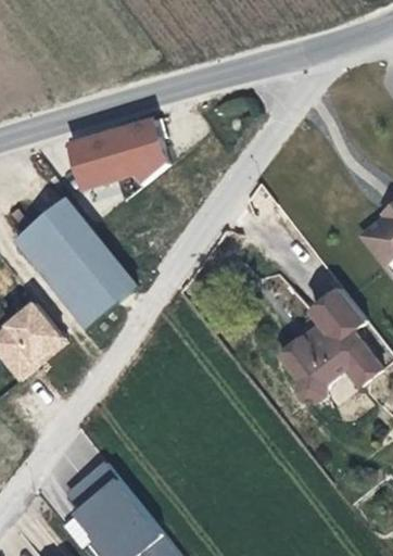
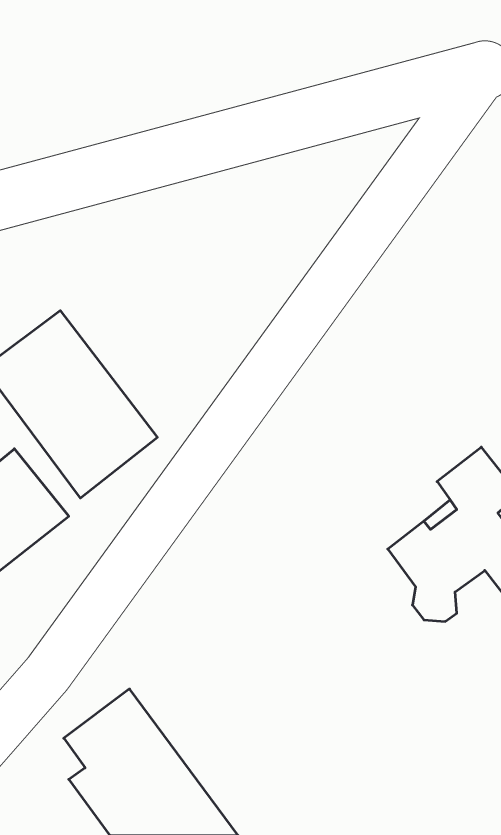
building: [66,113,173,189] -> none

